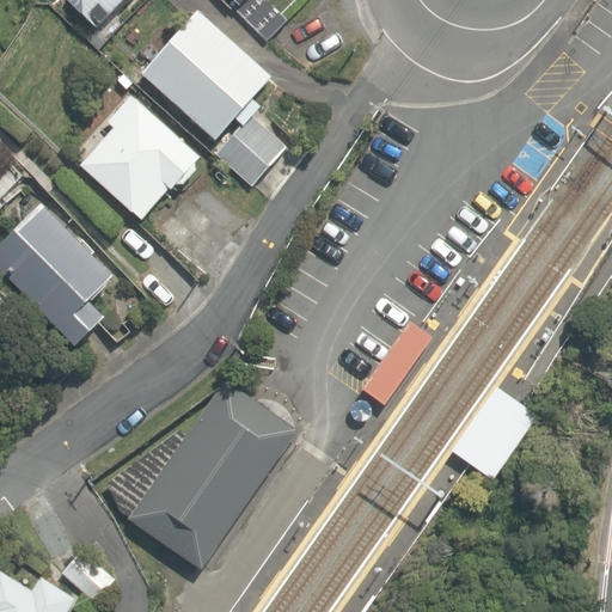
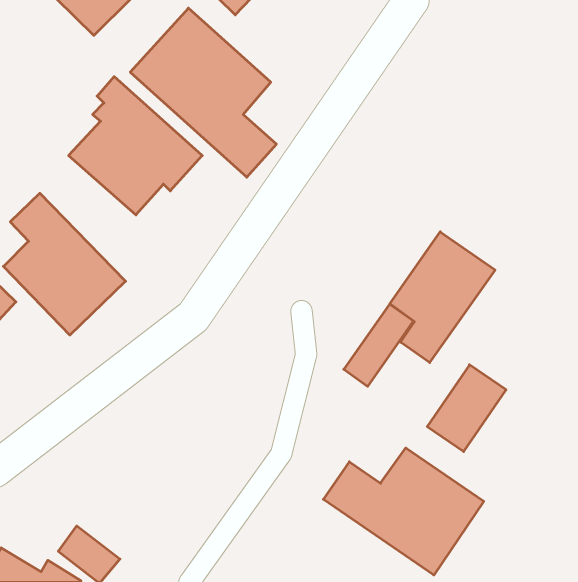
building: none -> [390,232,495,363]
building: [104,381,295,570] -> none
building: none -> [323,448,484,575]

